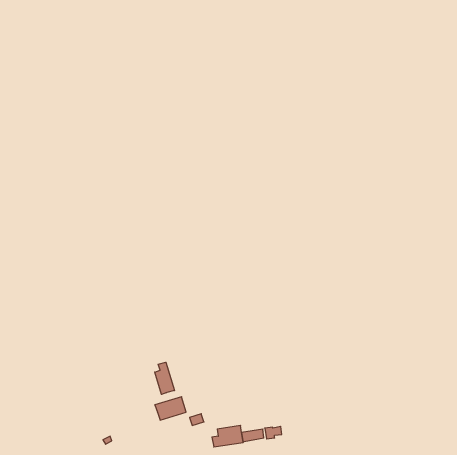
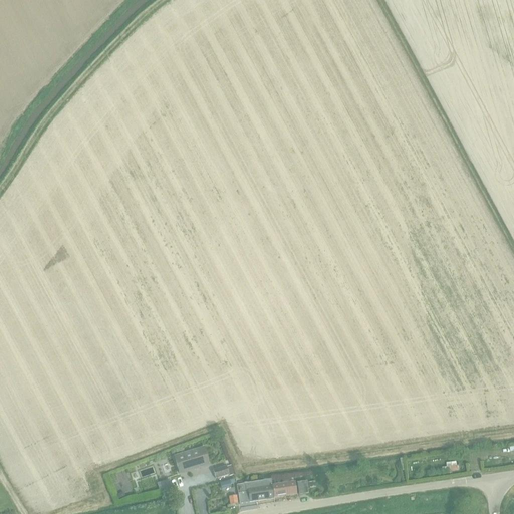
building: [155,362,174,394] -> none

